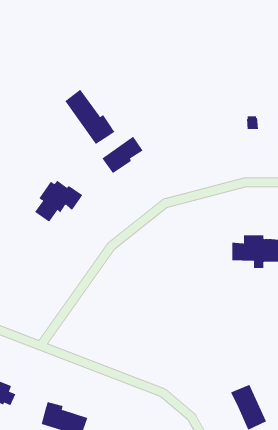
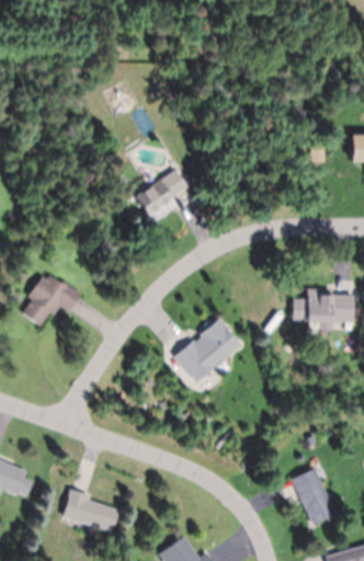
building: [64,89,115,145] -> none
building: [34,180,83,223] -> [22,275,81,327]
building: none -> [173,318,240,383]

